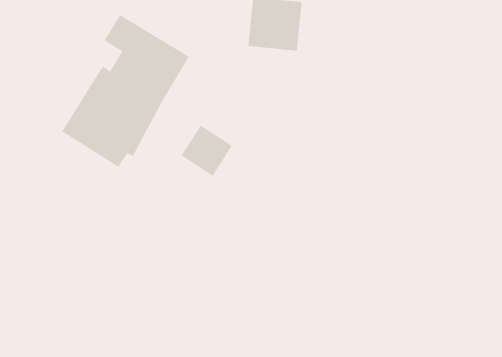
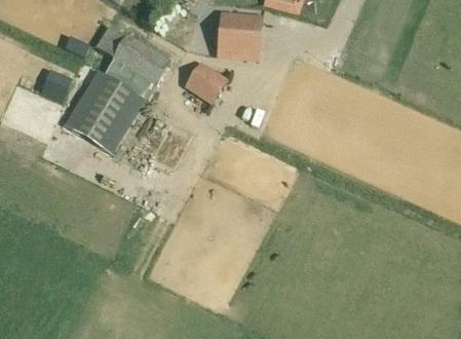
building: [180,124,233,177] -> [184,61,227,104]

